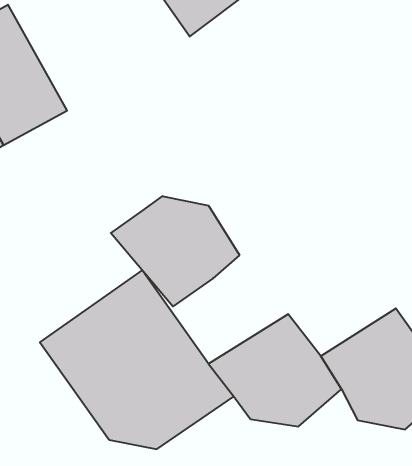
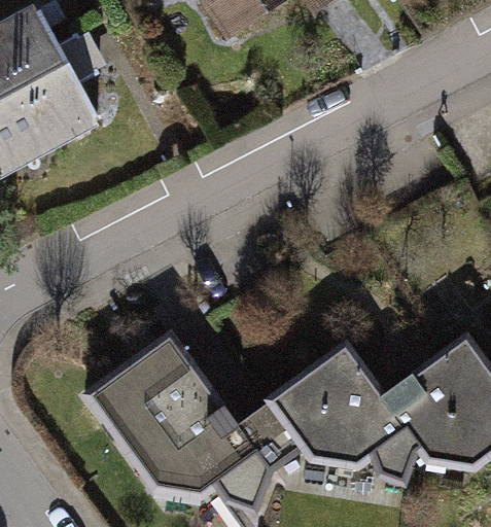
building: [111,196,239,306] -> none

